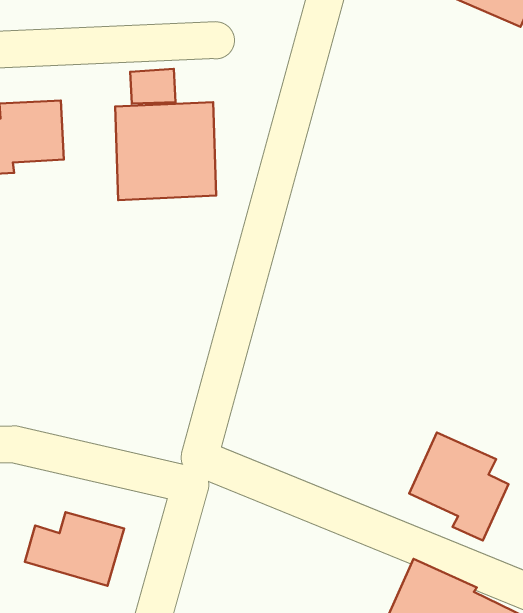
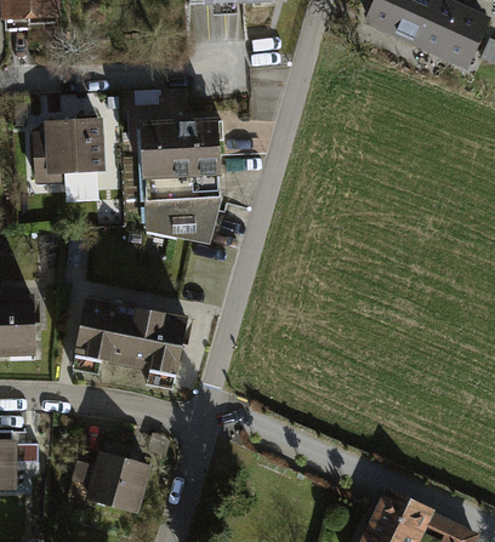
building: none -> [144,196,223,244]
building: none -> [75,297,187,372]
building: [409,432,509,540] -> none

